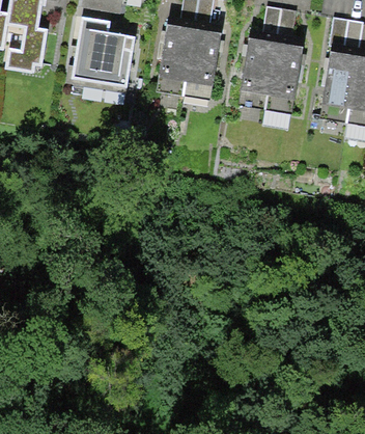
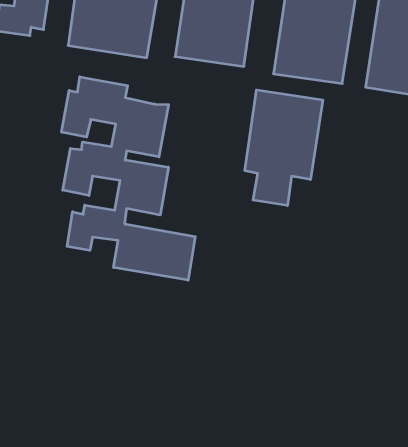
building: none -> [62,77,195,280]
building: none -> [245,90,323,206]

